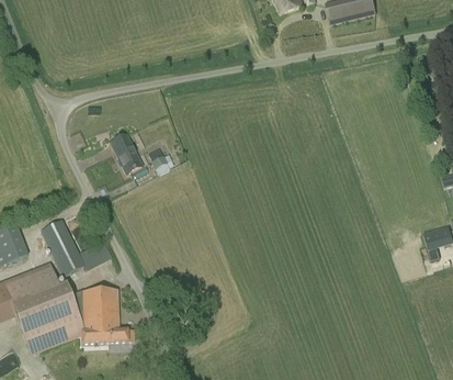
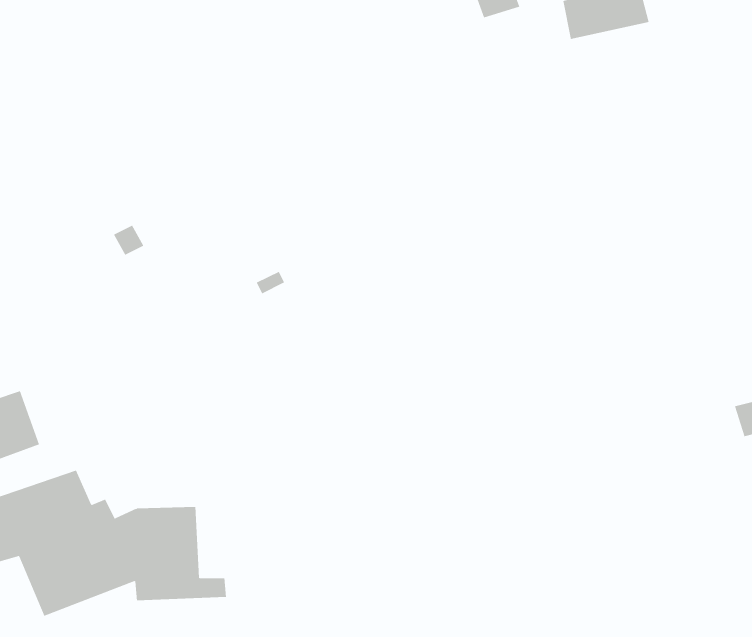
building: [110,135,141,174] -> none
building: [39,219,111,277] -> none

